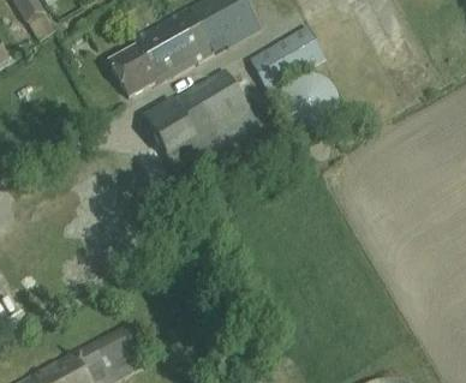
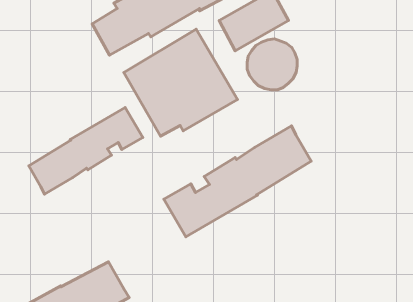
building: none -> [29,107,143,194]
building: none -> [164,126,311,237]

